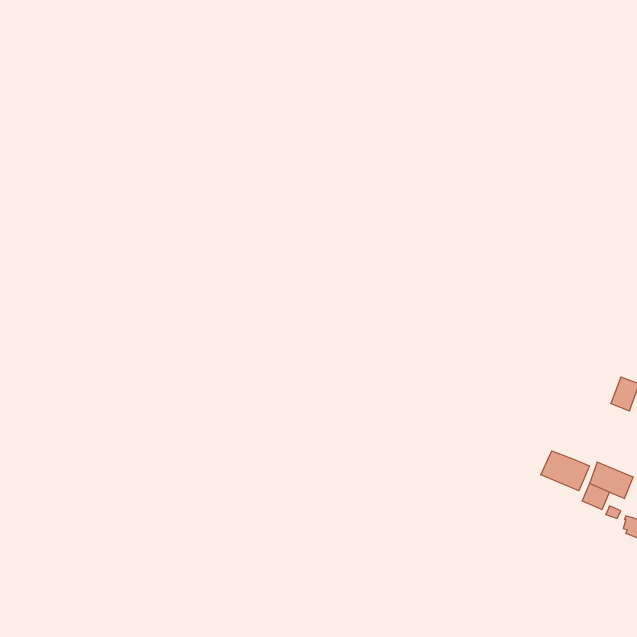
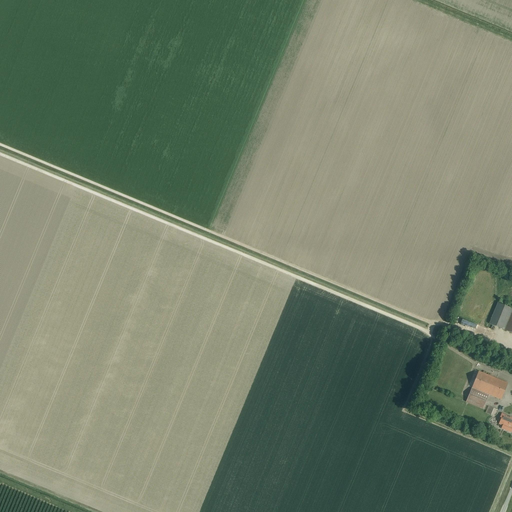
building: [541,451,589,491] -> none

